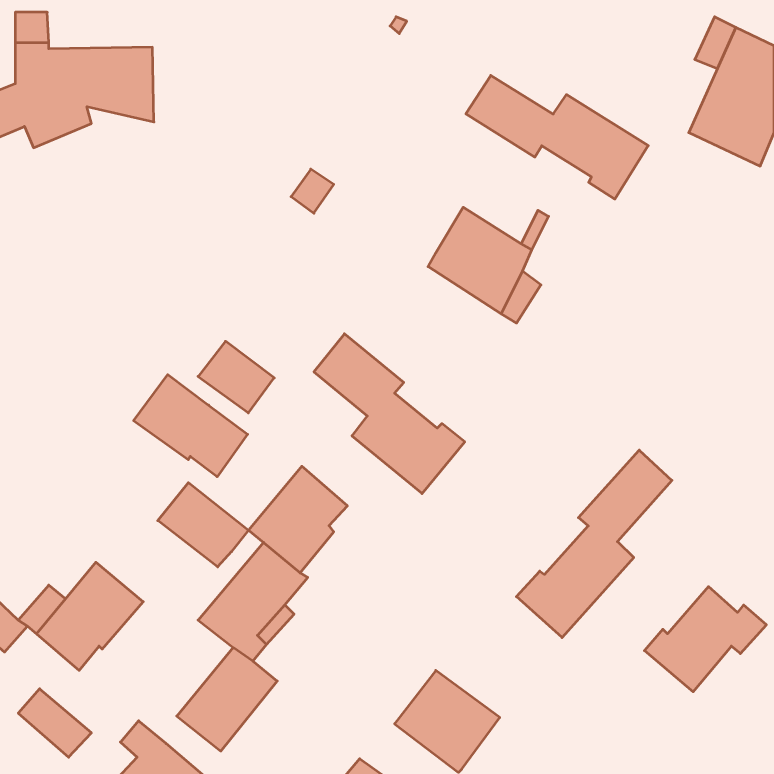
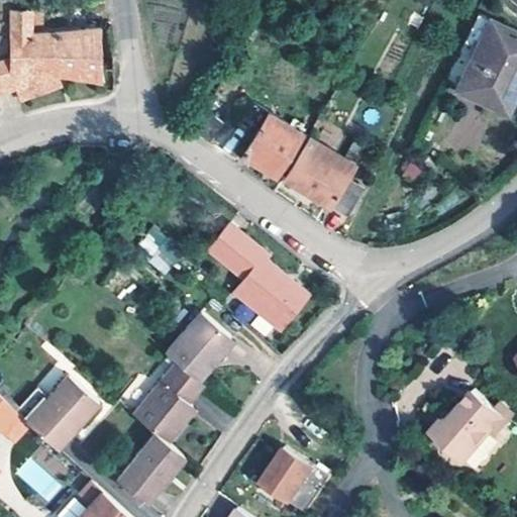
building: [466,75,648,199] -> none
building: none -> [244,116,307,175]
building: [134,375,248,477] -> none
building: [516,450,672,638] -> none
building: [158,483,248,567] -> none

